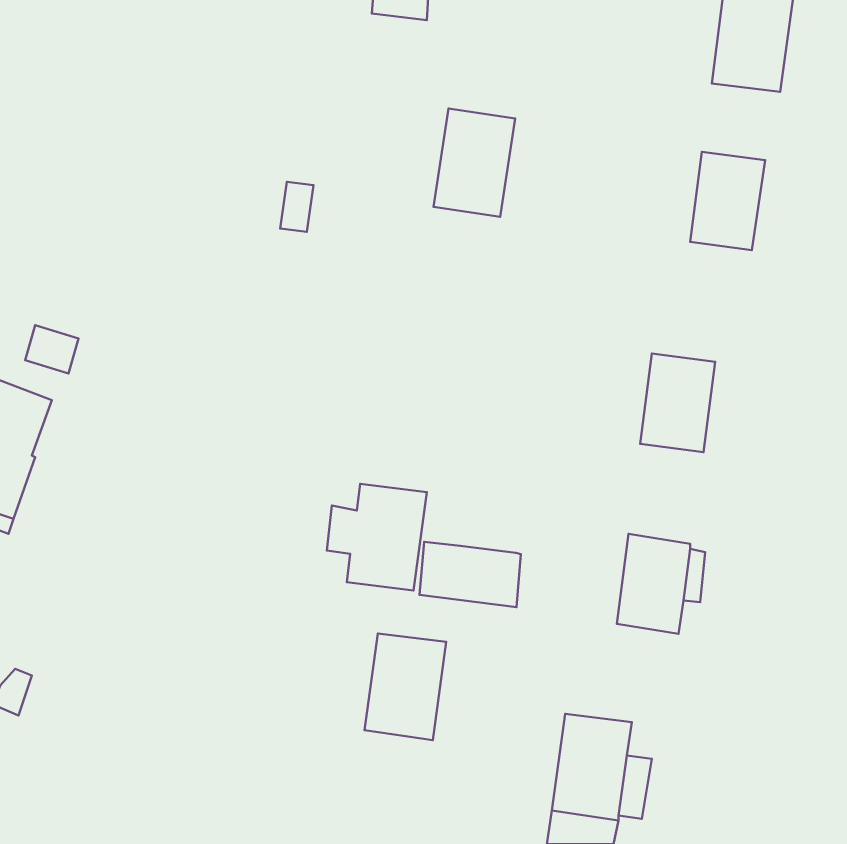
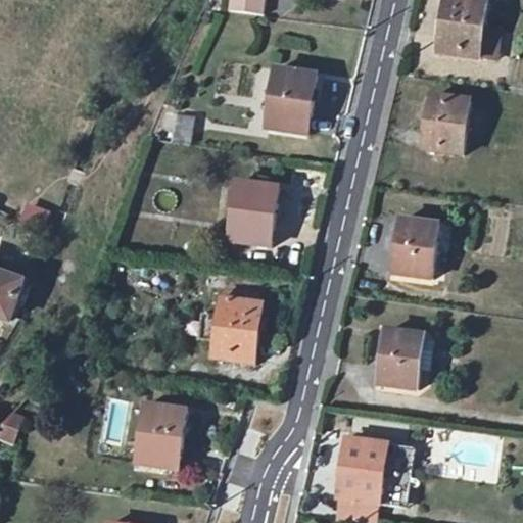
building: none -> [228,179,278,245]
building: [420,542,521,607] -> none
building: [365,633,446,740] -> [136,402,186,468]

